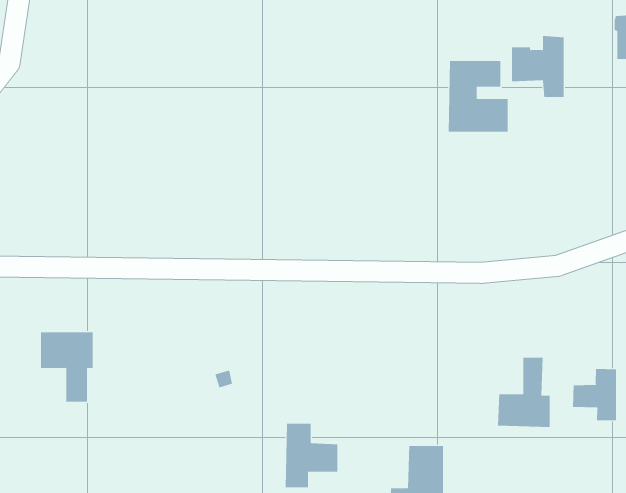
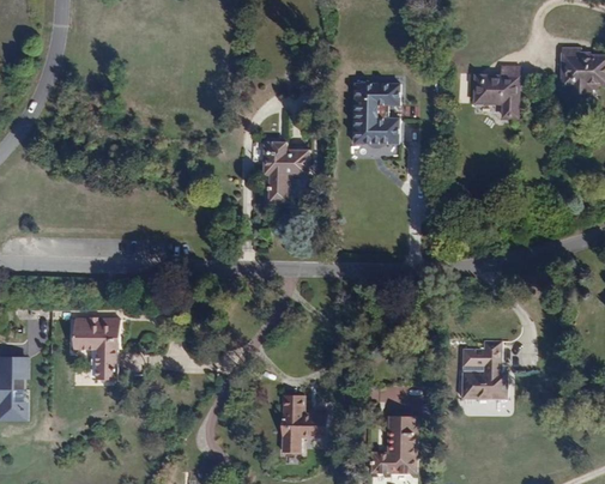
building: [448,61,508,132] -> [351,85,403,146]
building: none -> [264,141,309,204]
building: [572,368,617,421] -> none

